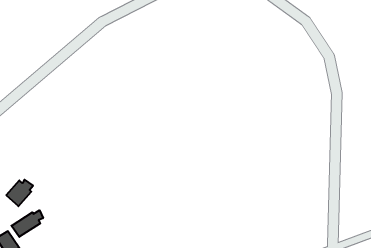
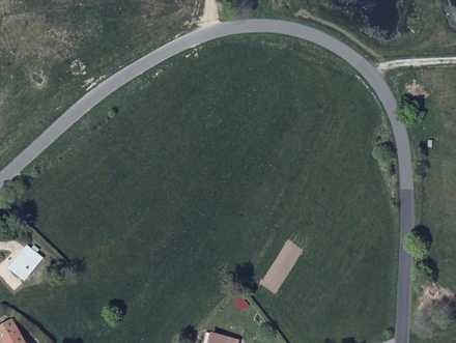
building: [11,210,43,237] -> none

